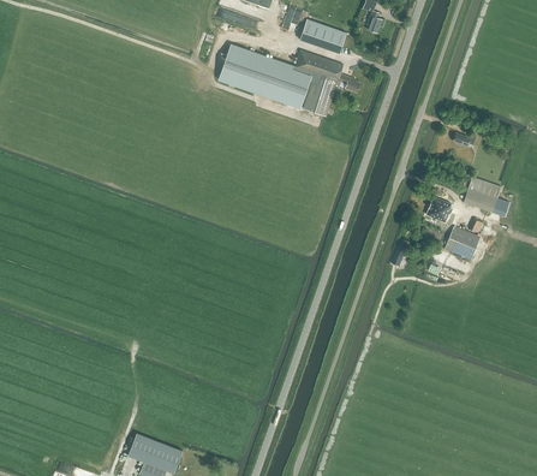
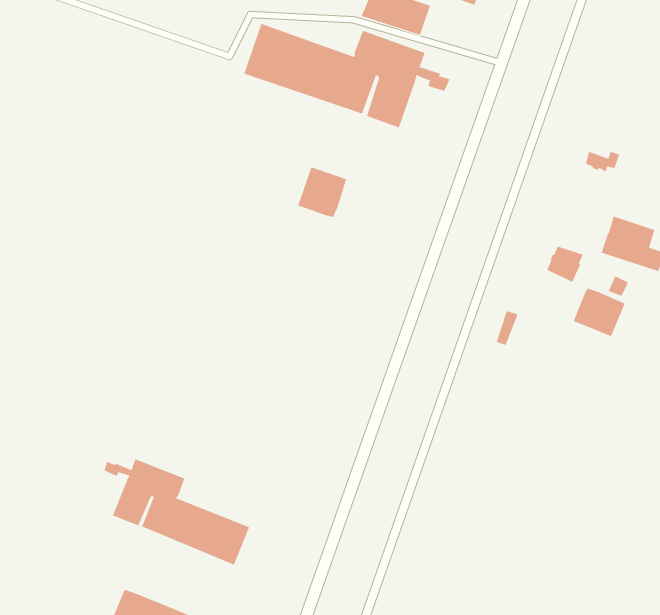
building: none -> [298,167,347,218]
building: none -> [104,459,250,565]

